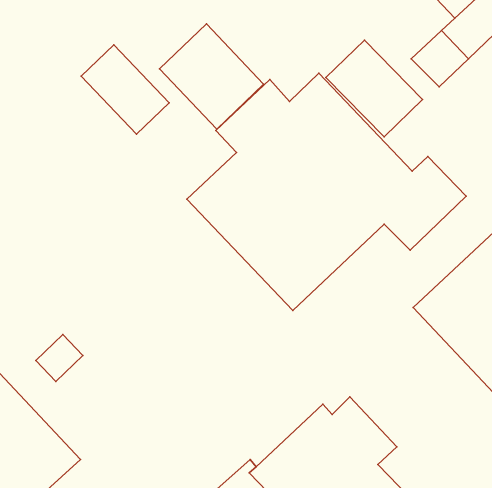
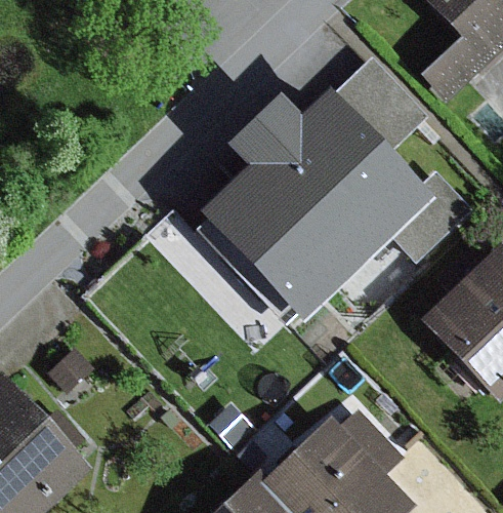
building: [159,24,264,129] -> none
building: [81,45,169,134] -> none

